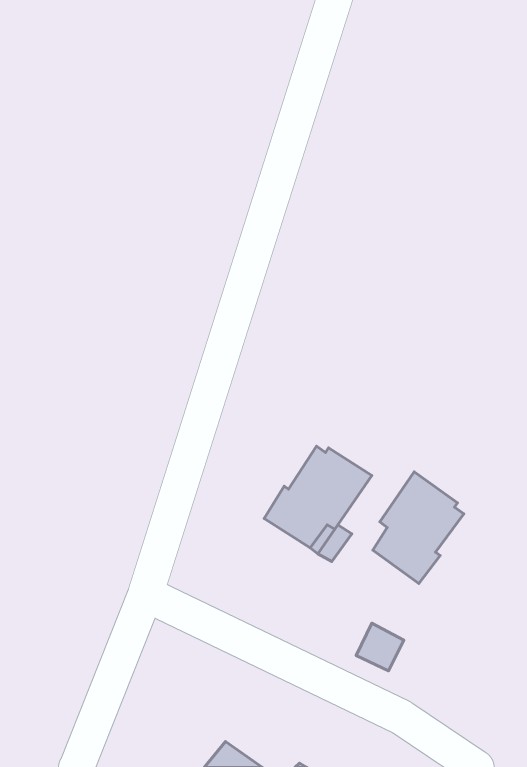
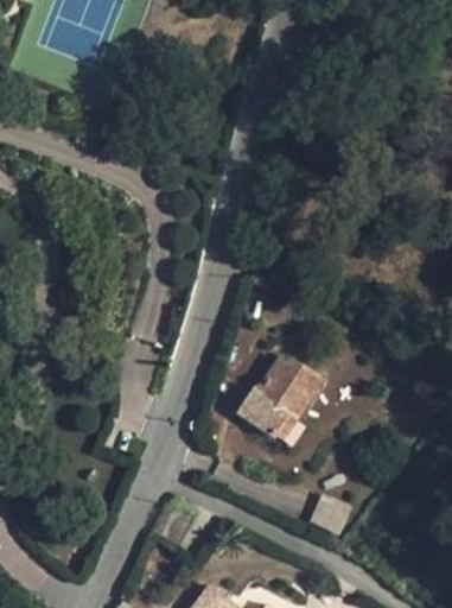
building: [373,472,464,584] -> none

